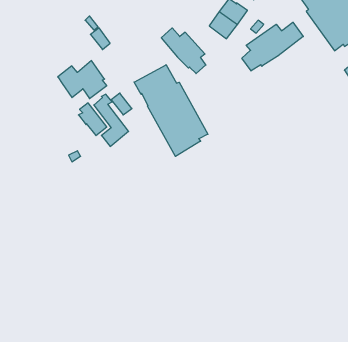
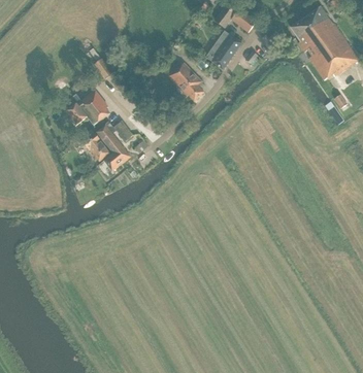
building: [242,22,303,71] -> none
building: [134,65,208,156] -> none

